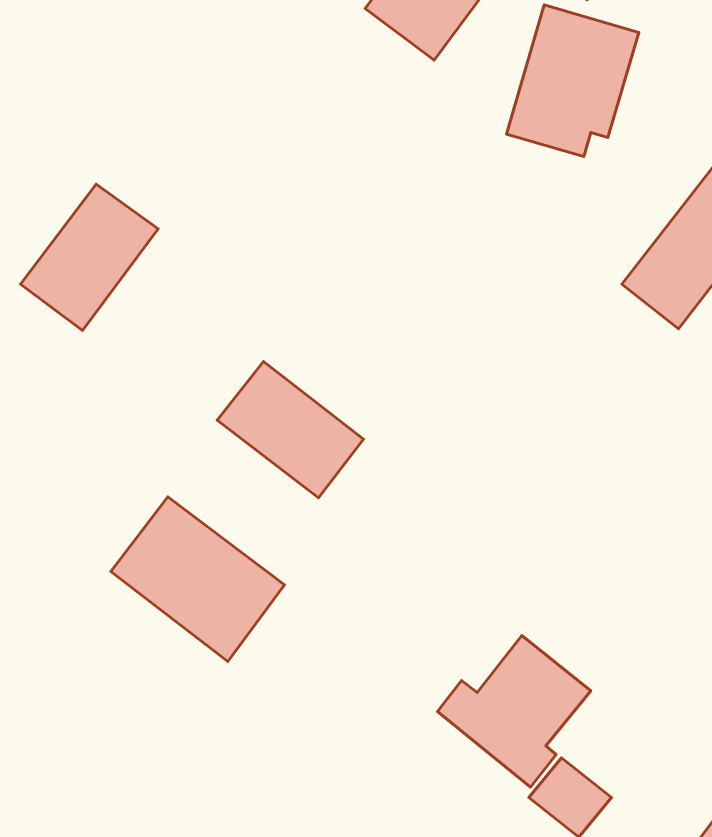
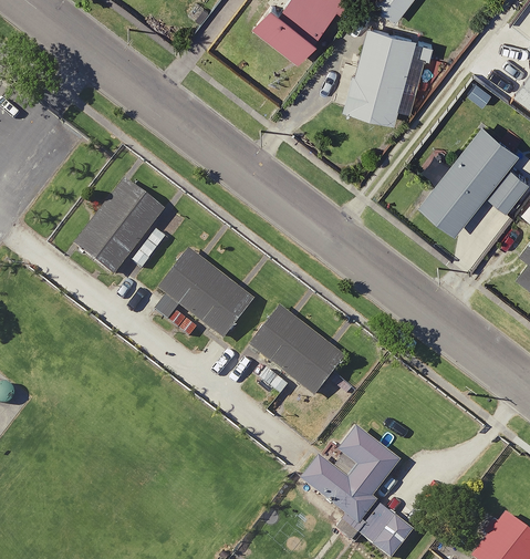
building: [20,184,158,331] -> [76,180,165,275]
building: none -> [252,309,344,395]
building: [111,497,285,662] -> none

